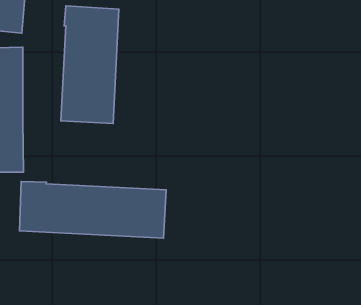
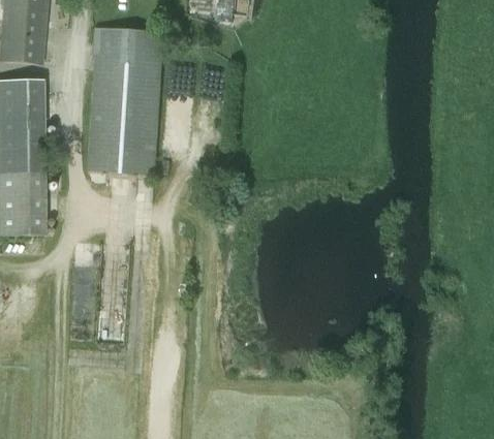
building: [20,182,166,238] -> none

